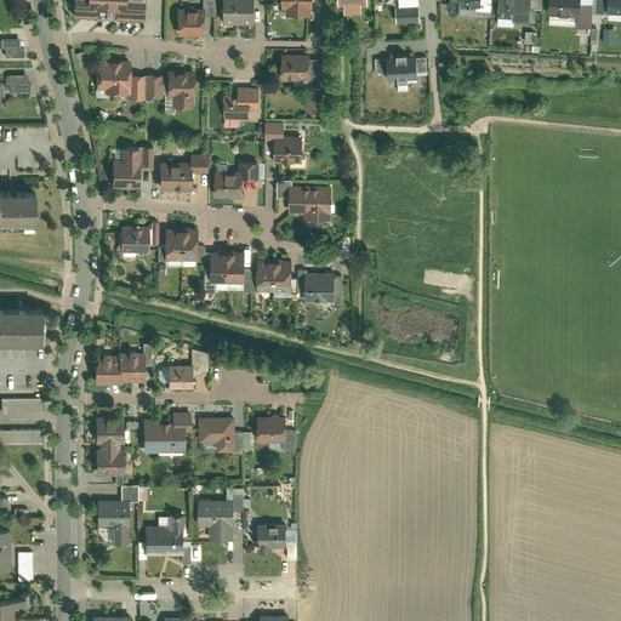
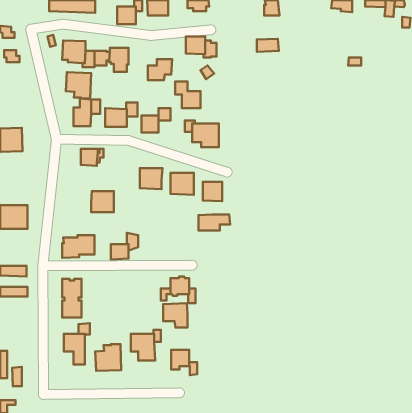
building: none -> [66,72,91,98]
building: [164,229,198,261] -> [91,191,114,212]
building: none -> [198,214,230,230]
building: [142,412,190,454] -> none
building: [199,417,235,454] -> [163,303,188,328]

